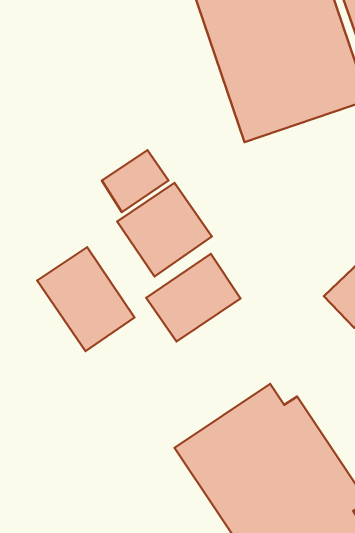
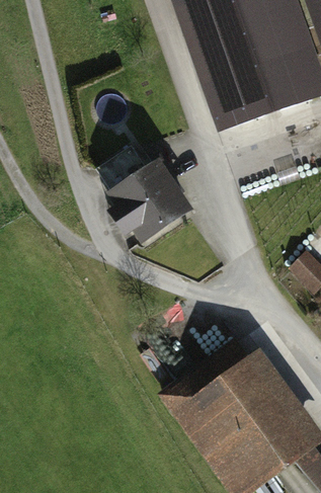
building: [37,247,134,351] -> none
building: [146,254,240,341] -> none

